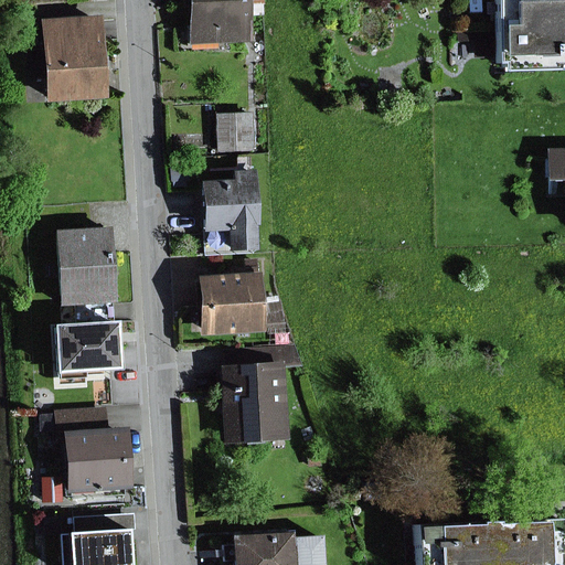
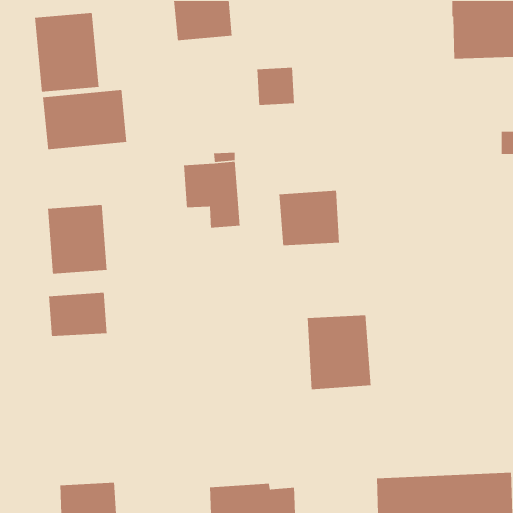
building: none -> [42,89,127,150]
building: [216,107,258,150] -> [257,67,295,106]
building: [200,271,267,333] -> [278,190,340,246]
building: [220,362,290,445] -> [307,315,371,390]
building: [47,405,134,502] -> none

